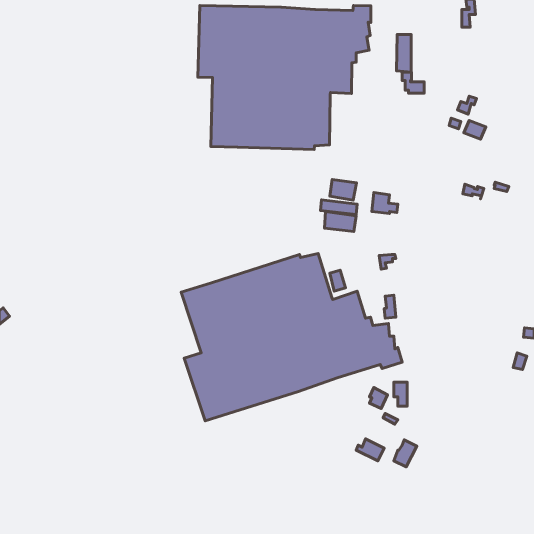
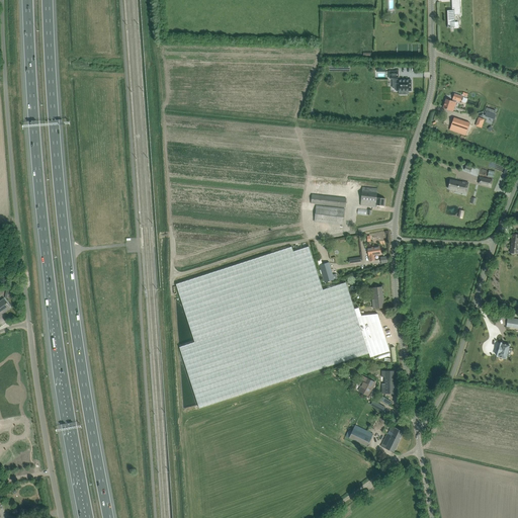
building: [198,5,371,149] -> none
building: [397,35,411,72] -> none
building: [330,180,357,200] -> none

